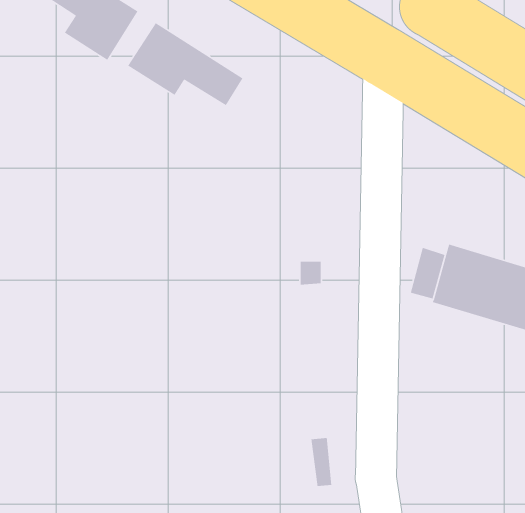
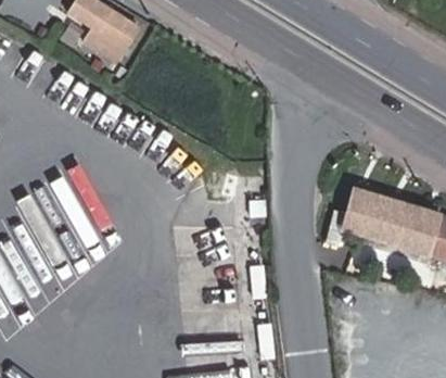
building: [127,22,244,106] -> none

